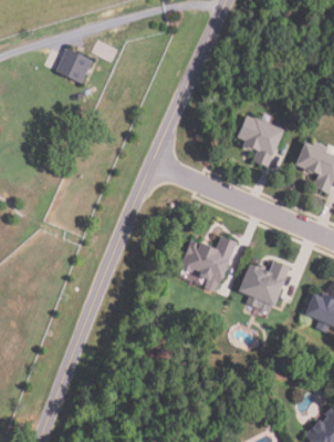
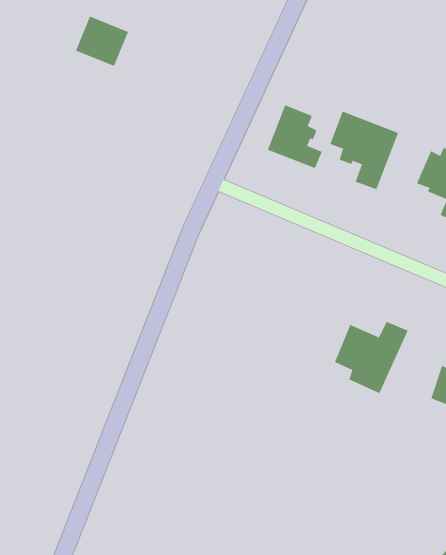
building: none -> [267,105,322,169]
building: [178,235,238,294] -> none

